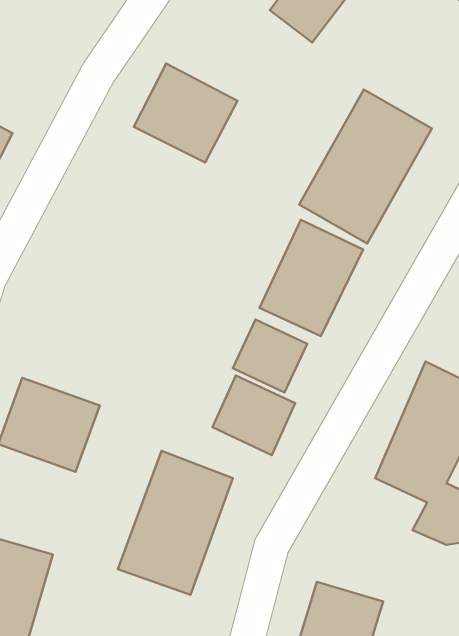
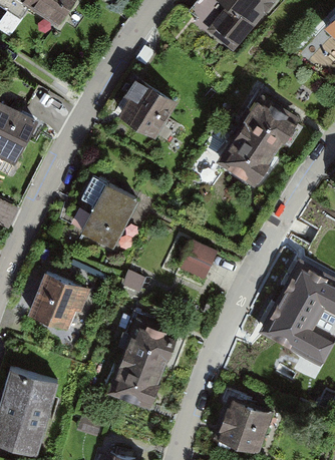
building: [260,220,363,336] -> none
building: none -> [80,183,141,251]
building: [213,375,295,455] -> none

